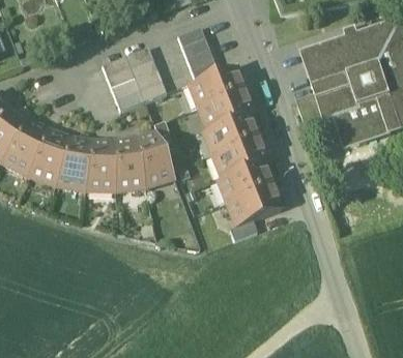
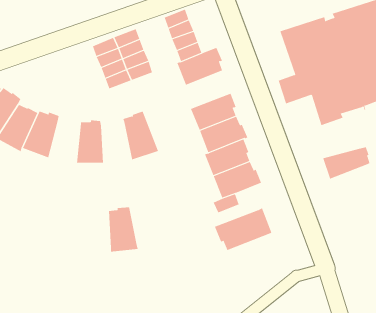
building: [200,90,252,128] -> none
building: [55,143,89,191] -> none
building: [112,144,144,191] -> [108,207,139,252]
building: none -> [323,147,370,179]
building: none -> [214,207,272,251]

